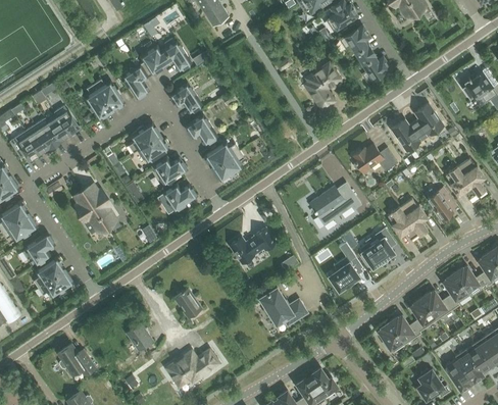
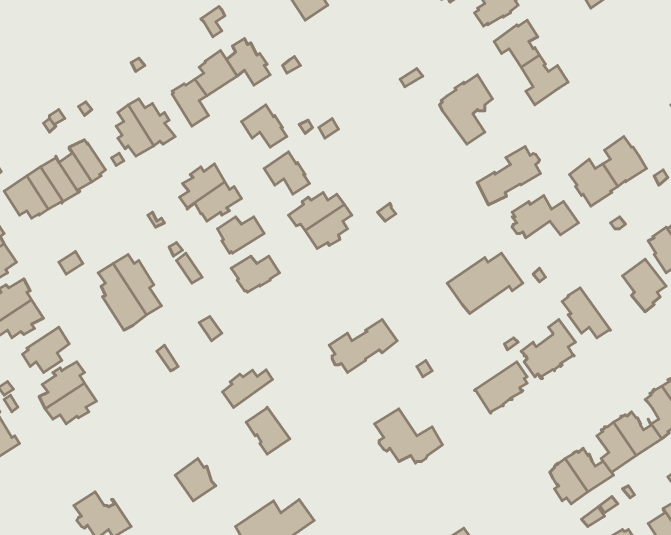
building: none -> [477,146,540,205]
building: [399,198,428,235] -> none
building: none -> [222,370,272,407]

